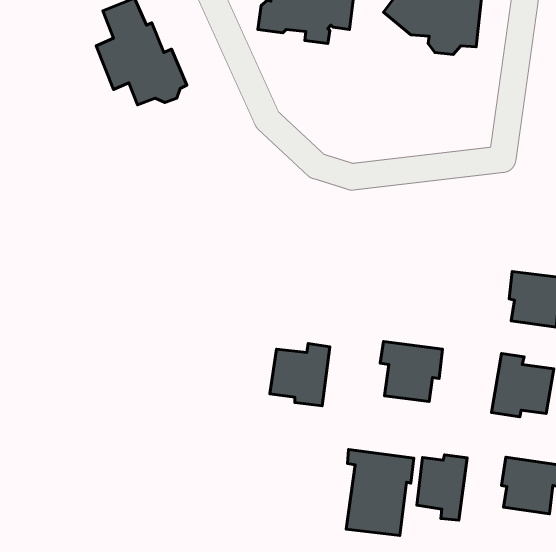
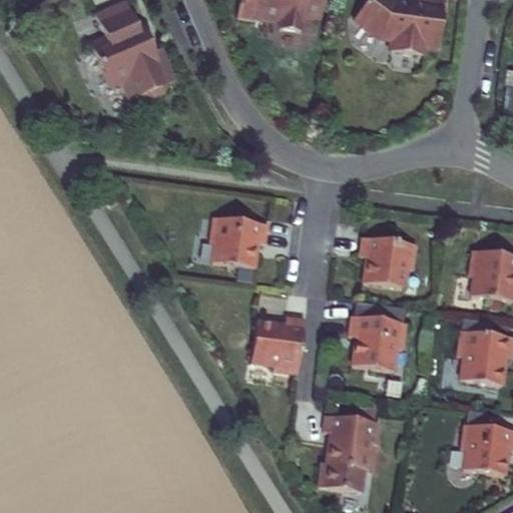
building: none -> [212,213,270,264]
building: none -> [360,231,416,285]
building: [417,455,467,520] -> none

